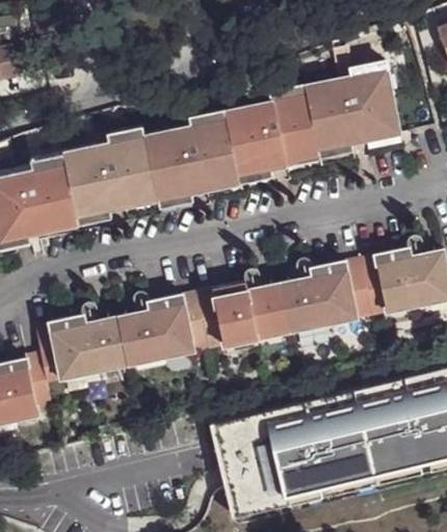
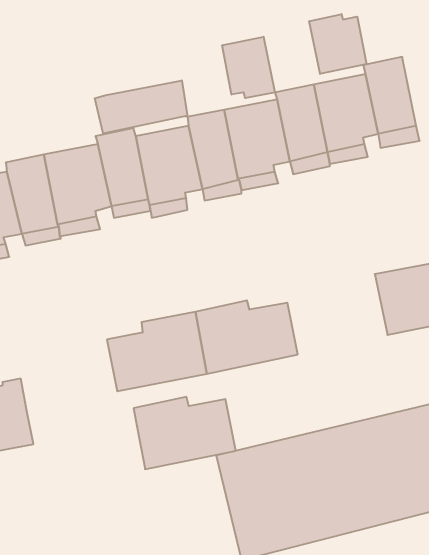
building: none -> [309,14,367,74]
building: none -> [222,37,275,98]
building: none -> [95,80,187,134]
building: [280,259,370,331] -> none
building: [33,316,126,381] -> [134,397,236,469]

